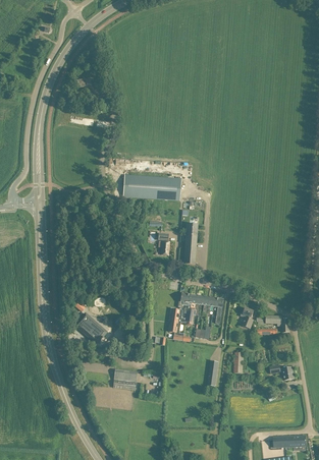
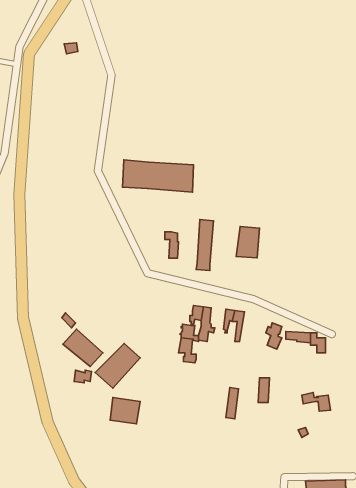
building: none -> [236,227,260,258]
building: none -> [95,344,140,388]

